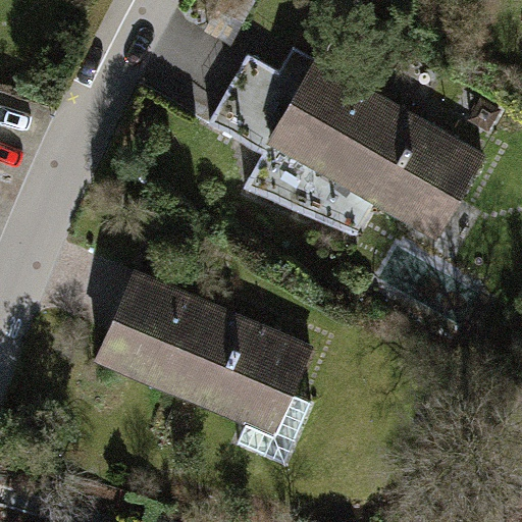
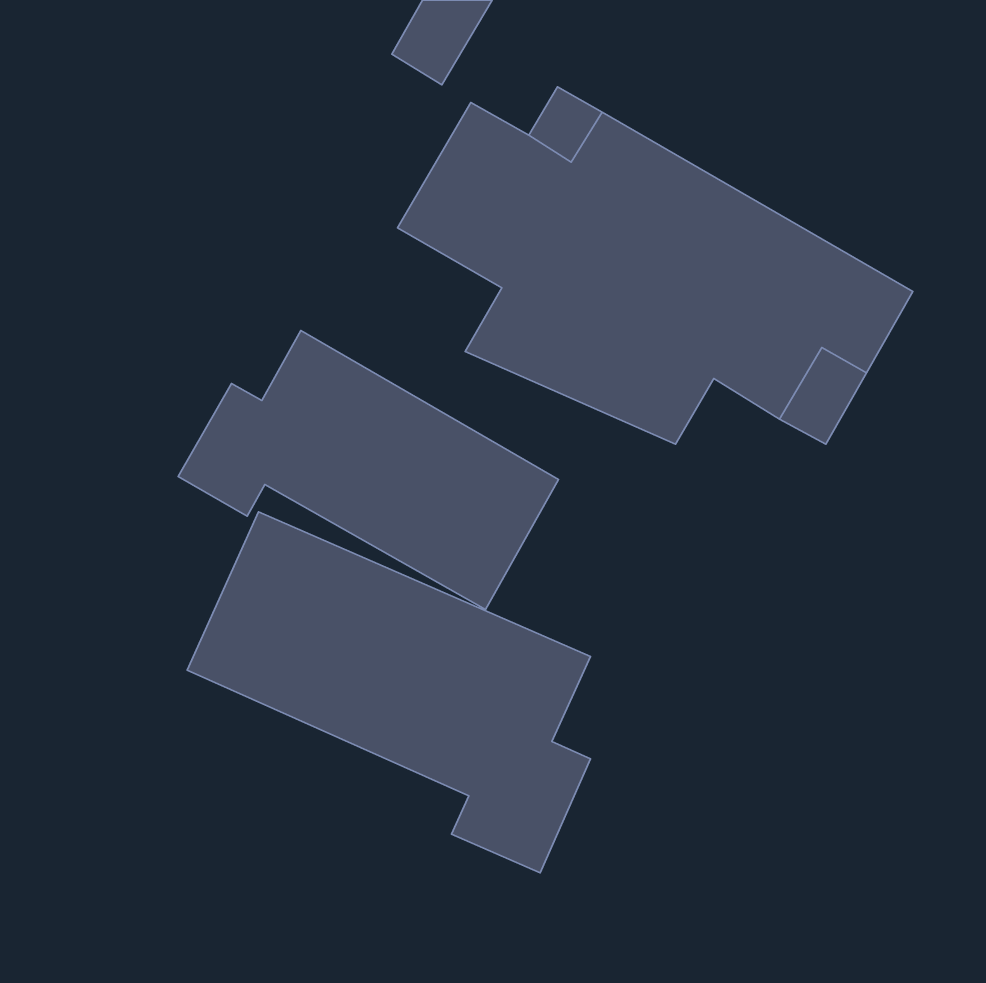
building: none -> [178,330,559,610]

